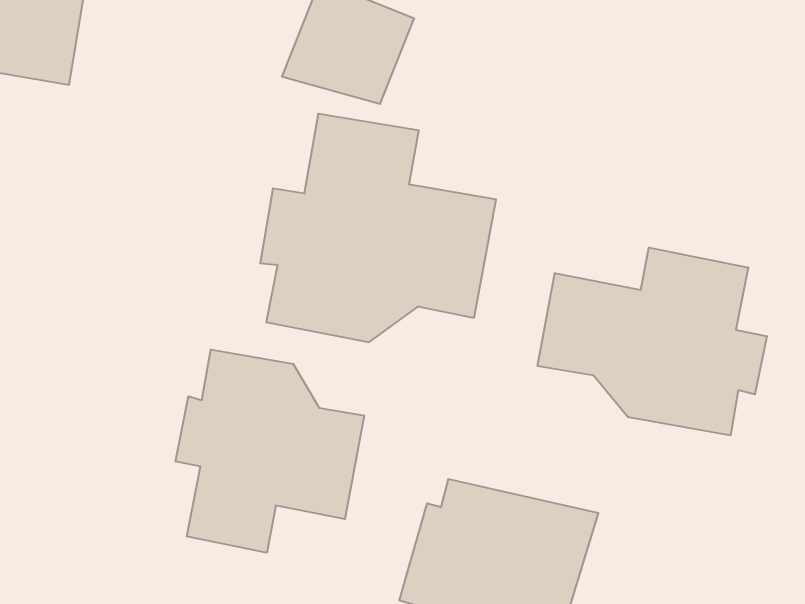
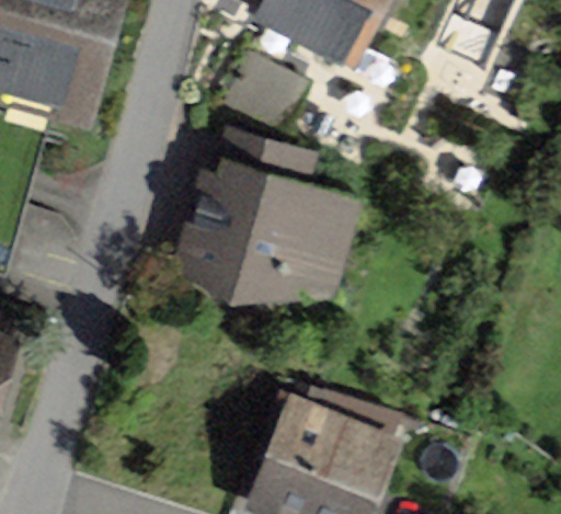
building: [538,248,767,435] -> none
building: [176,349,364,553] -> none

